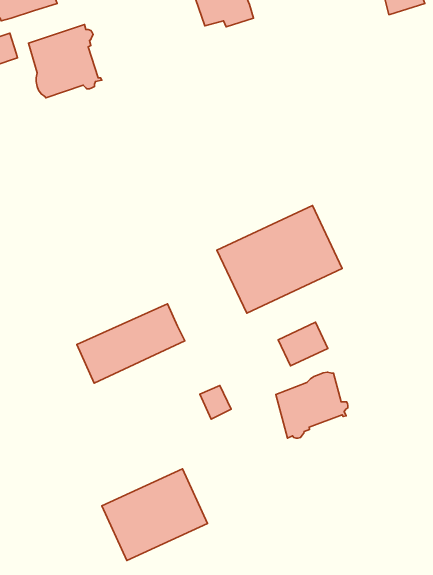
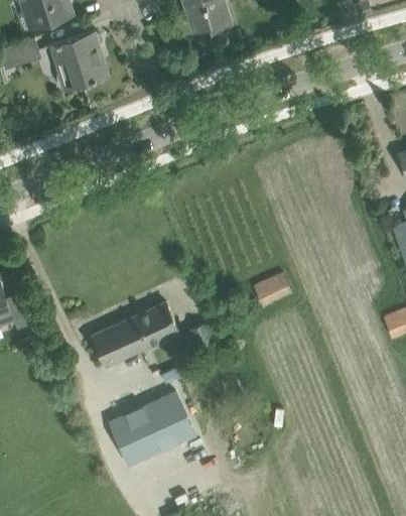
building: [217,205,342,313] -> none
building: [77,304,185,383] -> [92,302,179,367]
building: [276,372,348,438] -> none

